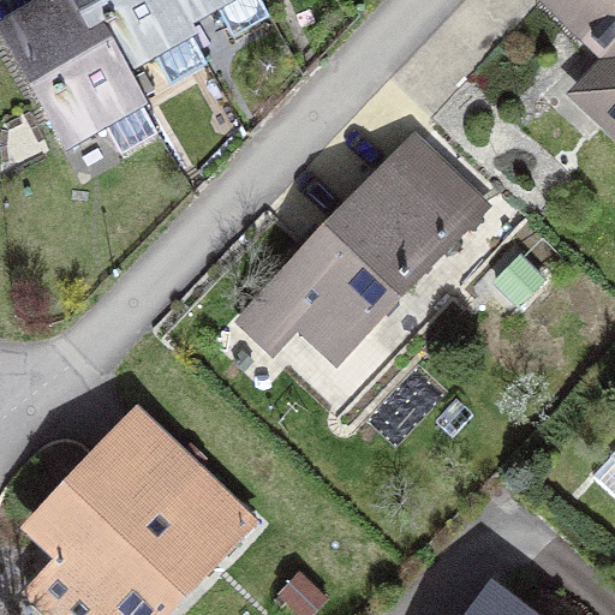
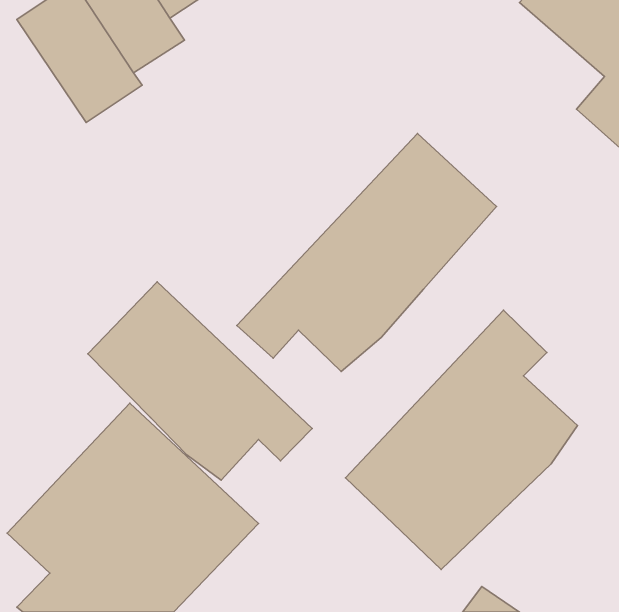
building: none -> [88,282,312,480]
building: none -> [346,310,577,570]

